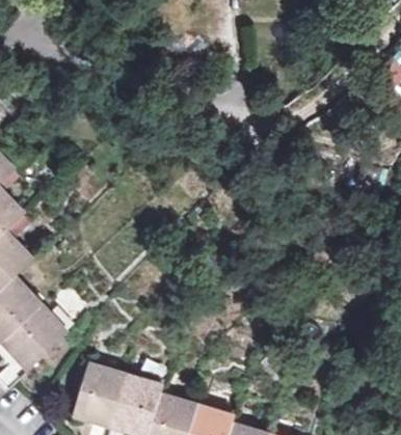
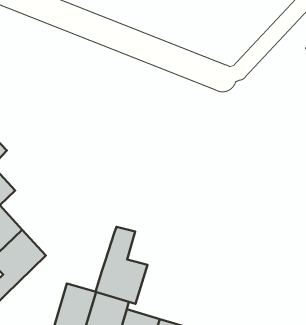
building: none -> [95,227,147,304]

